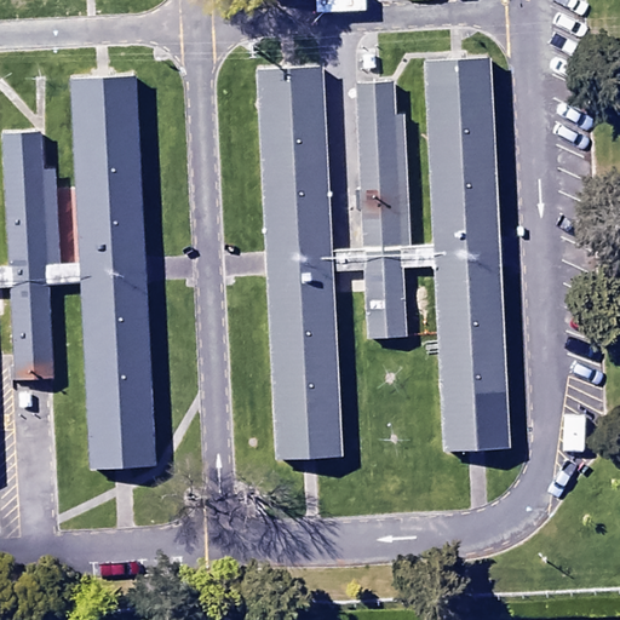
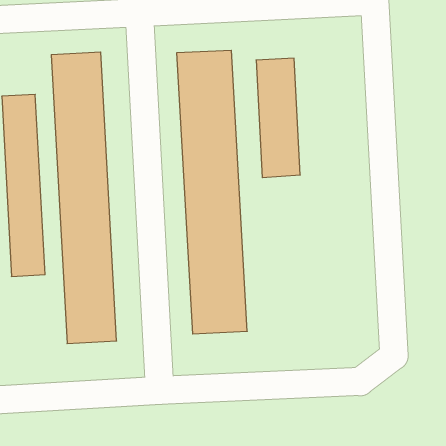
building: [427,59,505,453] -> none
building: [367,252,407,337] -> none

